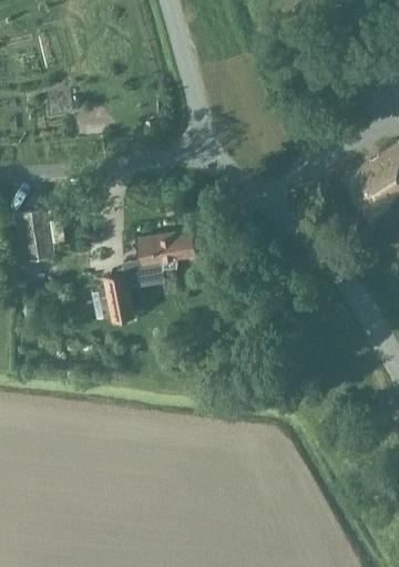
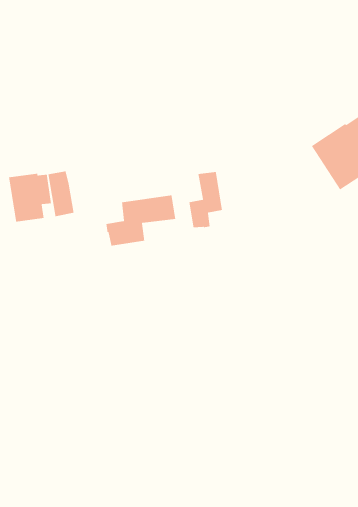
building: none -> [189,171,223,228]
building: [105,271,134,321] -> [48,171,75,217]

